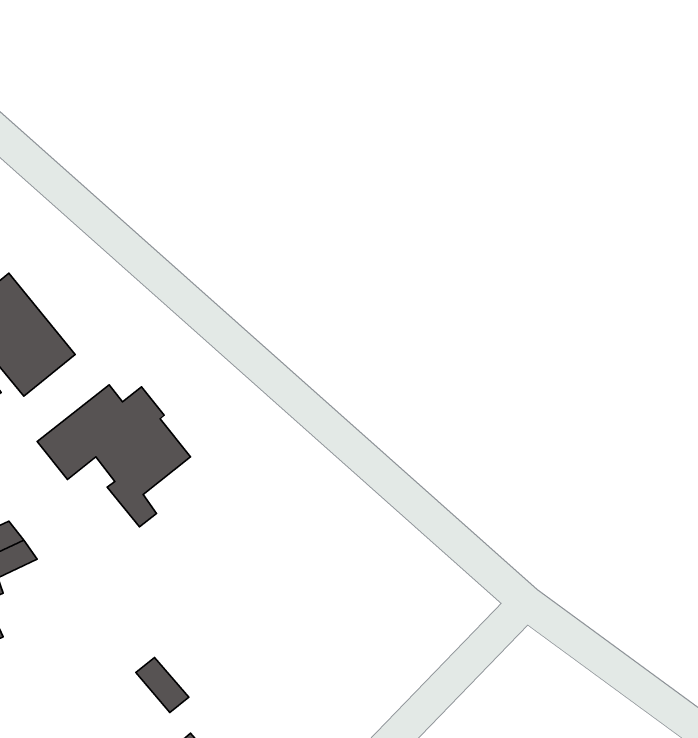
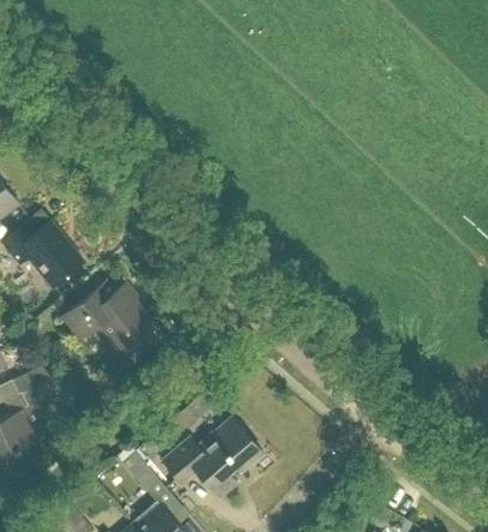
building: none -> [162,418,262,496]

